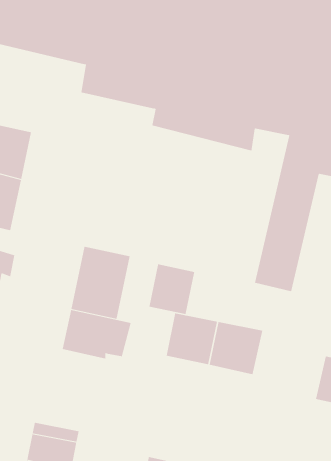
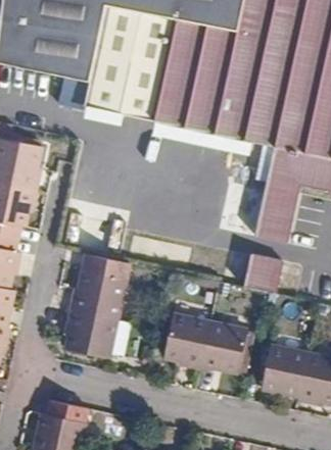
building: [149,264,195,315] -> none
building: none -> [257,343,305,392]

